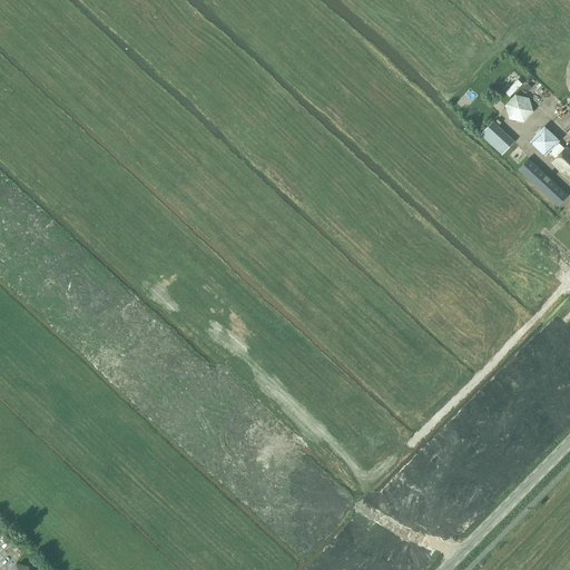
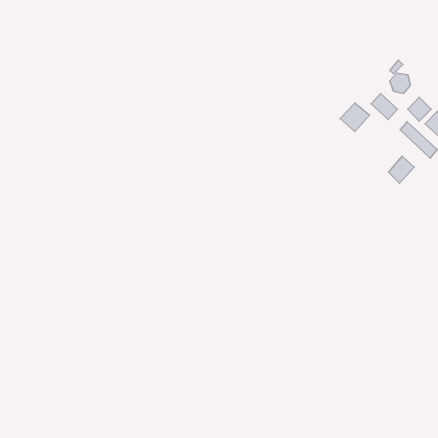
building: none -> [340,103,369,132]
building: none -> [388,156,414,183]

